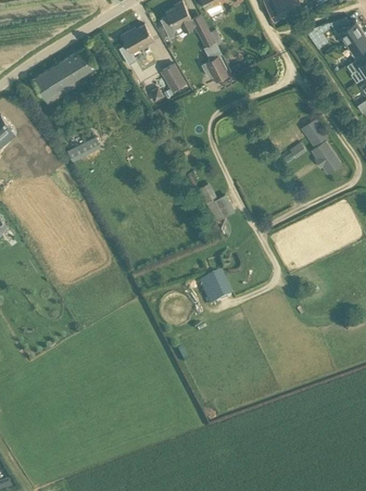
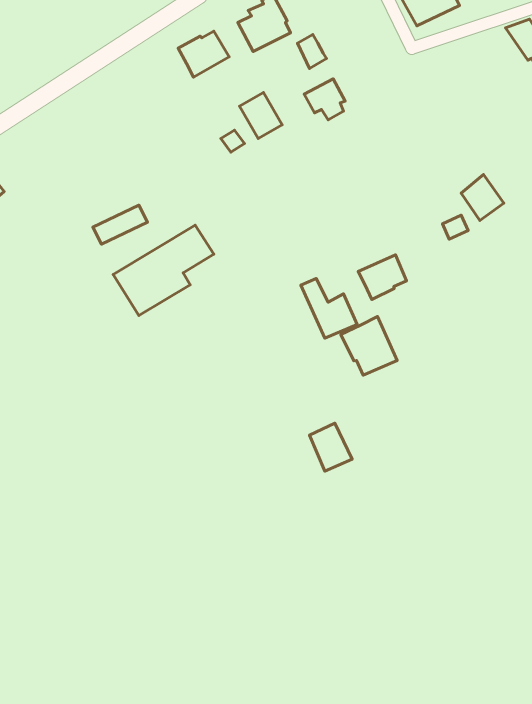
building: [31,48,96,105] -> [113,225,214,315]
building: [311,140,341,175] -> none
building: none -> [358,255,406,299]
building: none -> [341,316,397,375]

